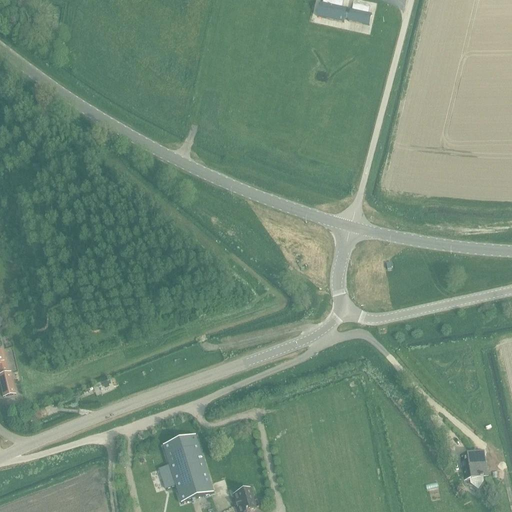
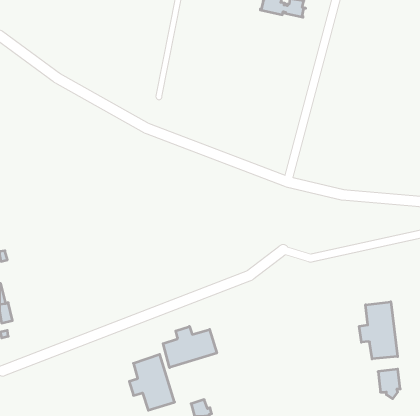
building: none -> [359,302,398,359]
building: none -> [163,326,217,368]

